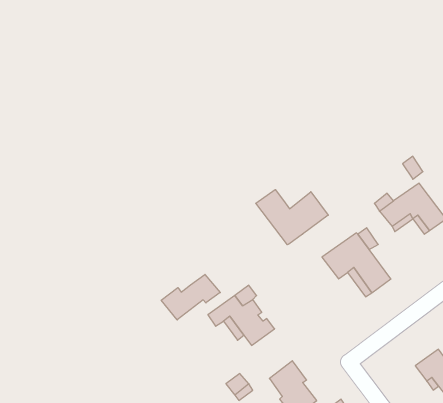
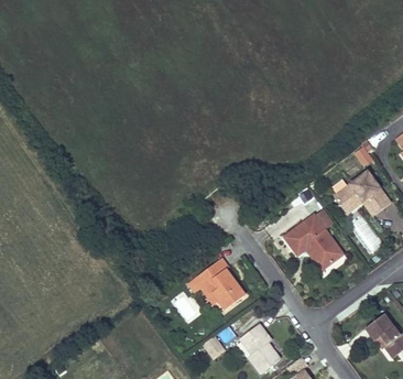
building: [256,190,328,245] -> none
building: [161,274,220,320] -> none

